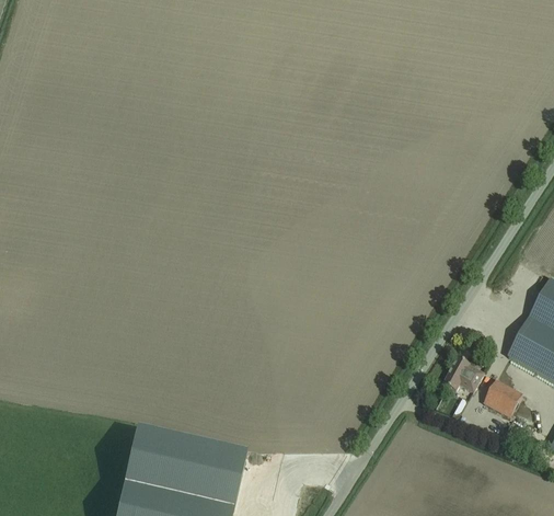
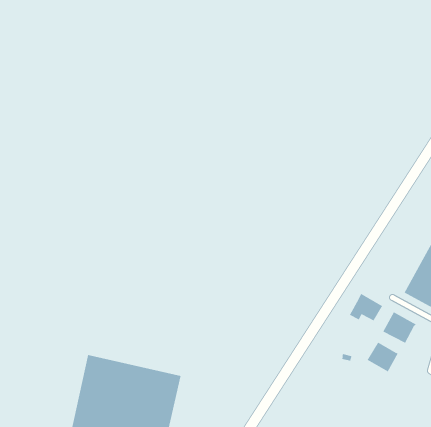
building: none -> [367,342,399,372]

